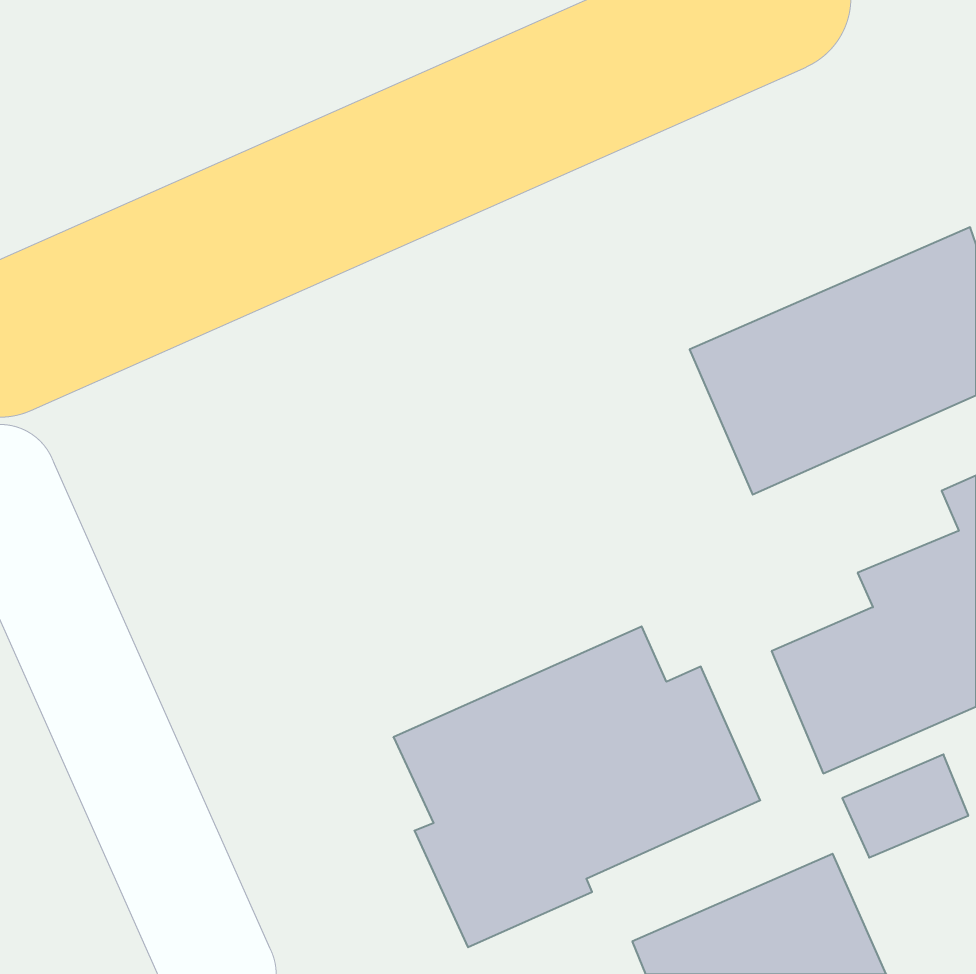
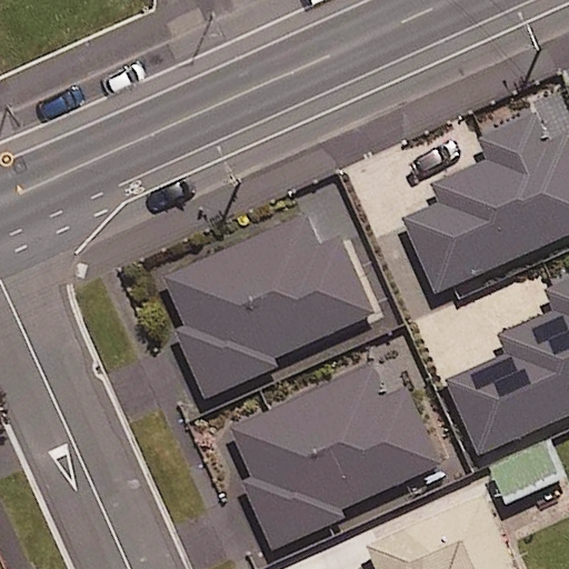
building: none -> [164,217,375,402]

